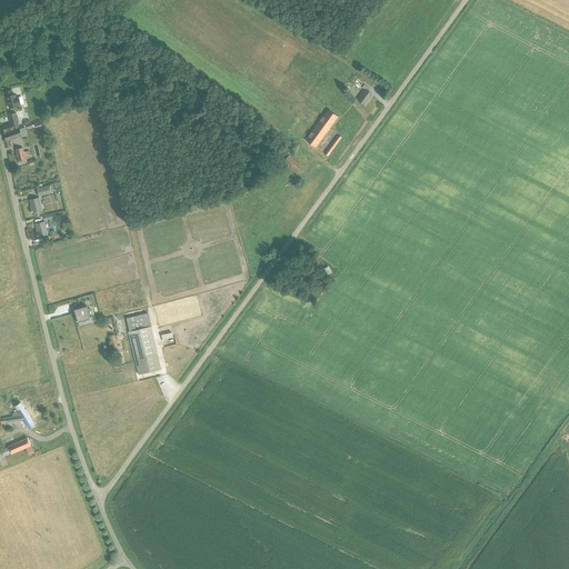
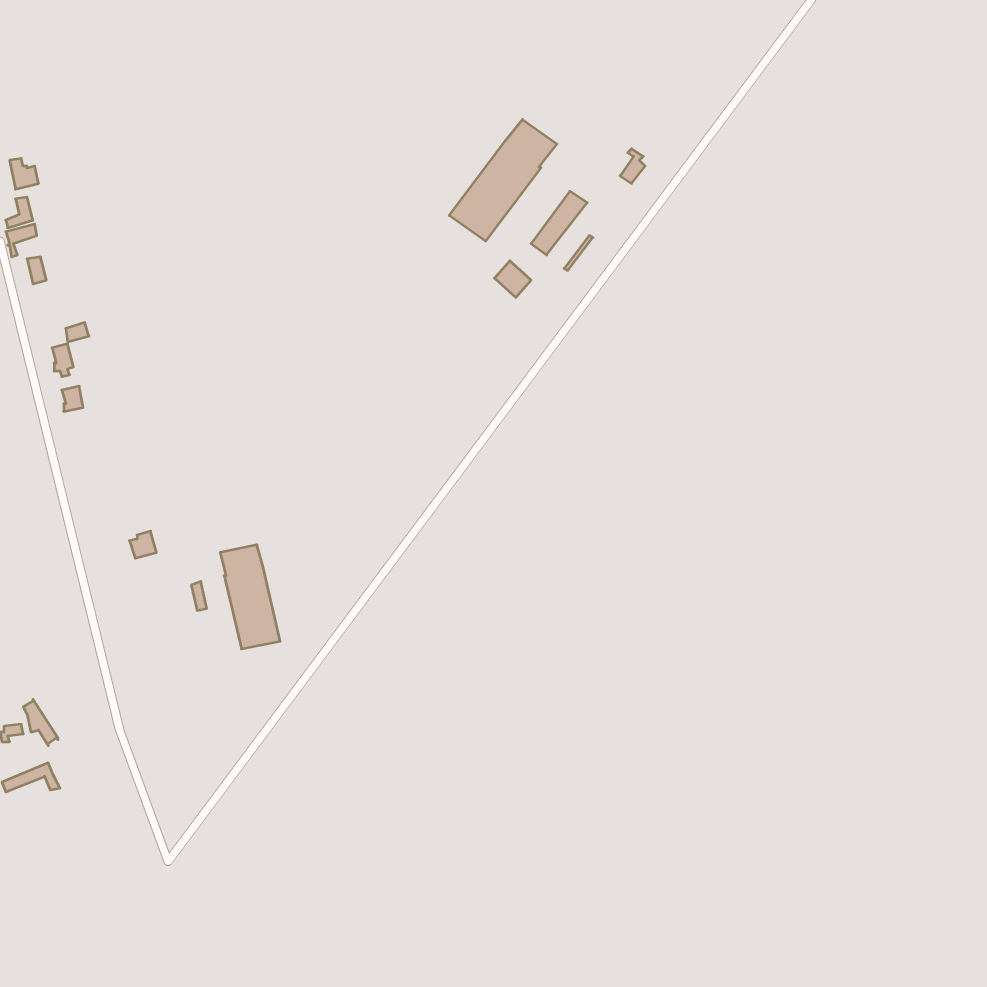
building: none -> [449,119,557,241]

